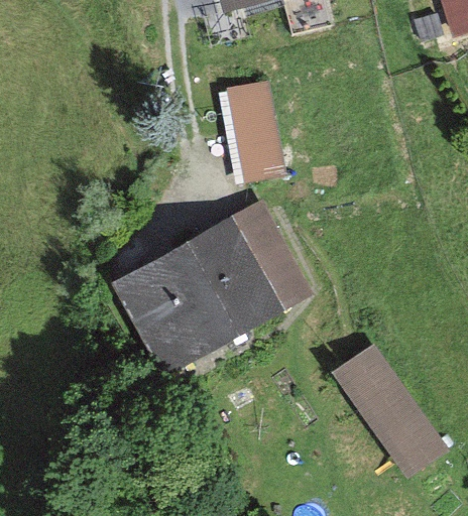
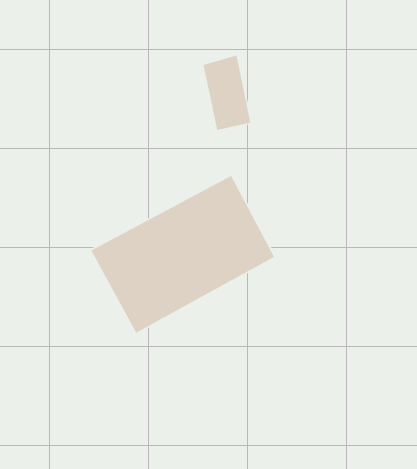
building: [337,350,441,473] -> none

